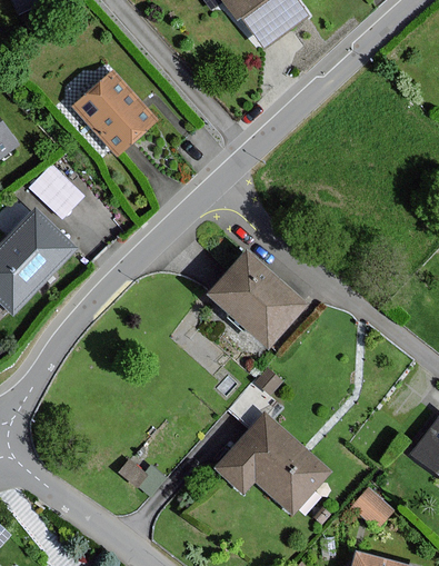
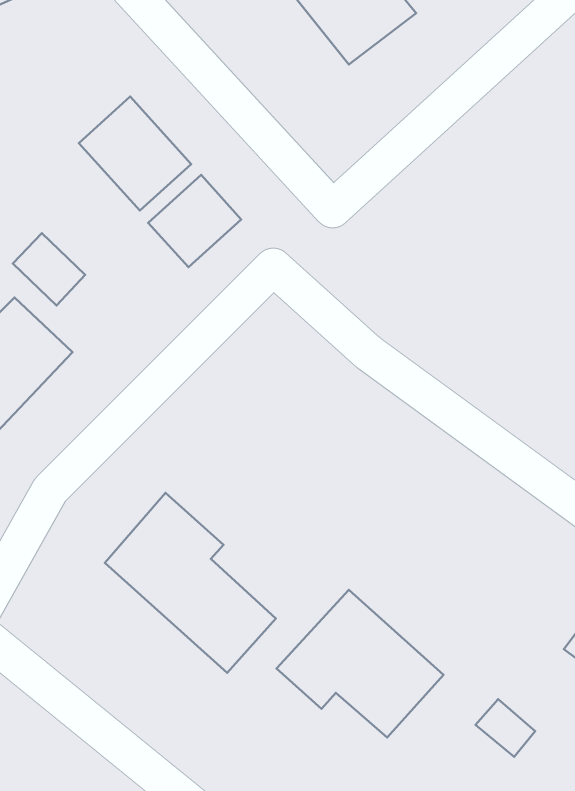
building: none -> [148,175,241,267]
building: [206,252,301,346] -> none
building: none -> [105,493,276,673]

